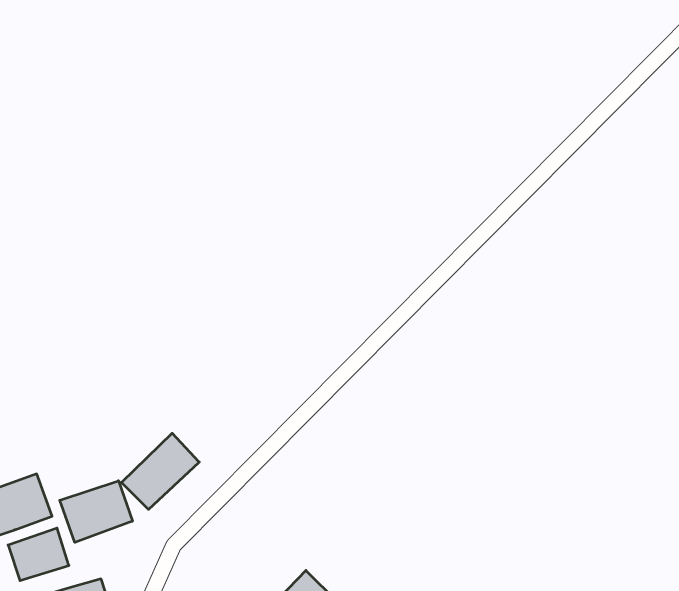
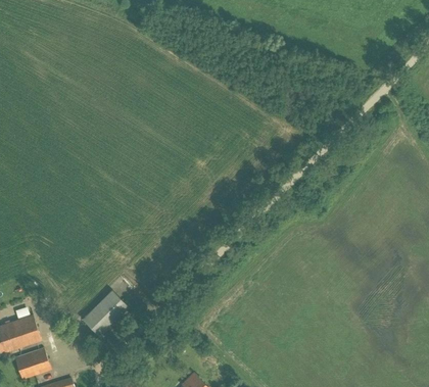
building: [60,481,132,542] -> none

